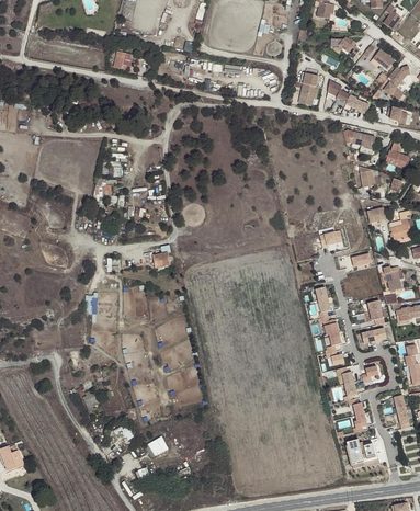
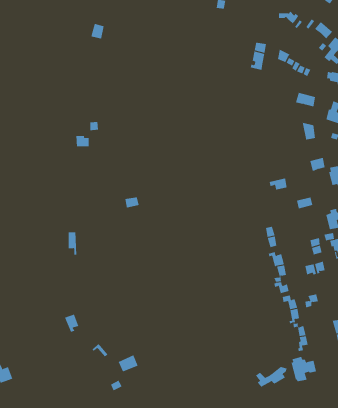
building: none -> [255,366,288,388]

